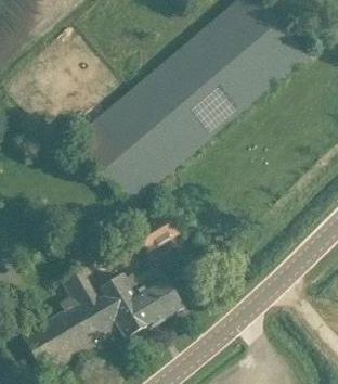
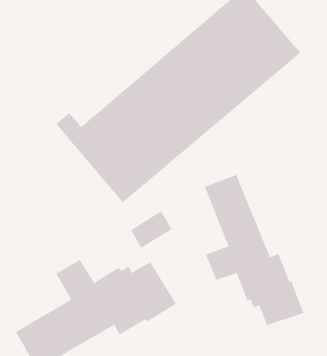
building: none -> [204,174,304,326]

